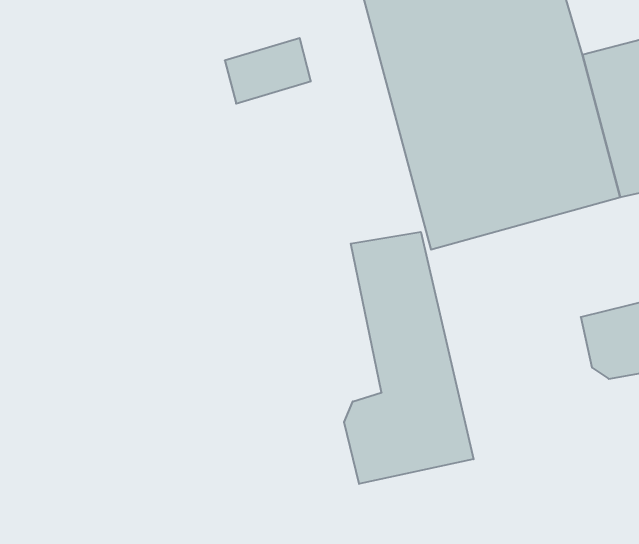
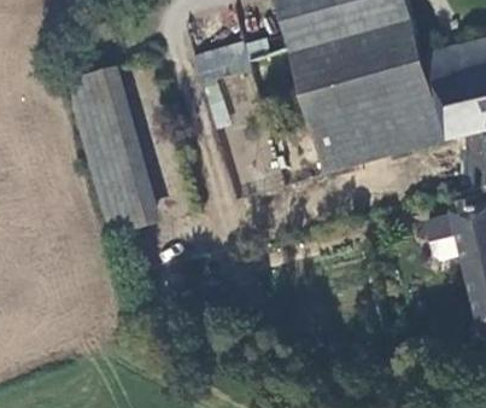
building: none -> [63,65,159,235]
building: [344,232,474,484] -> none

